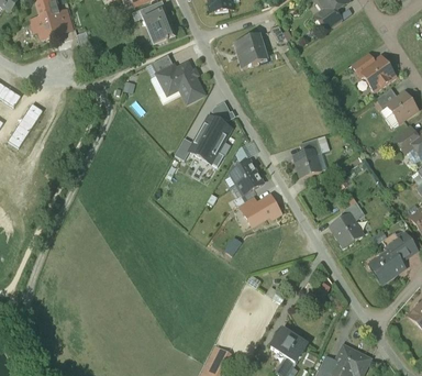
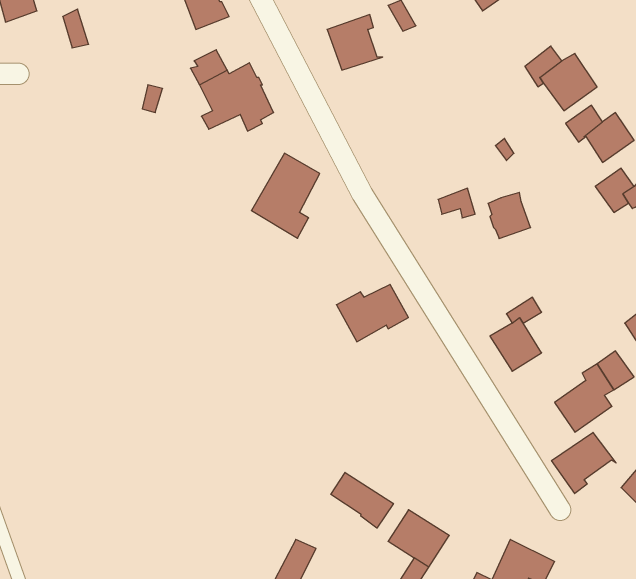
building: [295,148,320,176] -> [488,192,531,239]
building: [227,157,266,196] -> none
building: none -> [552,432,616,494]
building: none -> [331,472,393,528]

